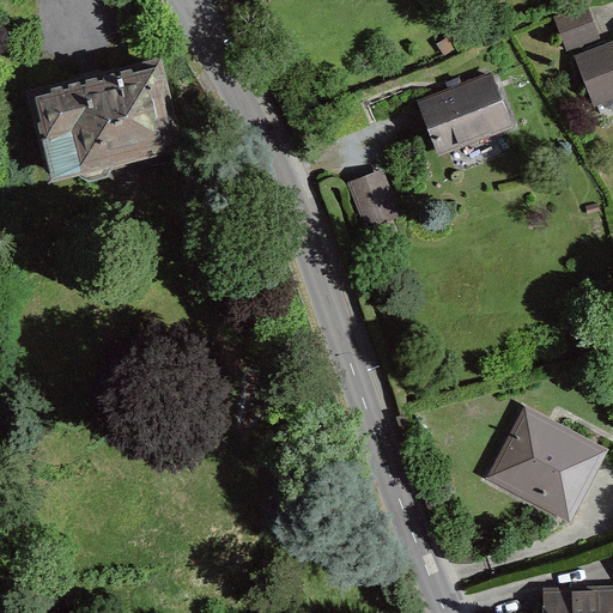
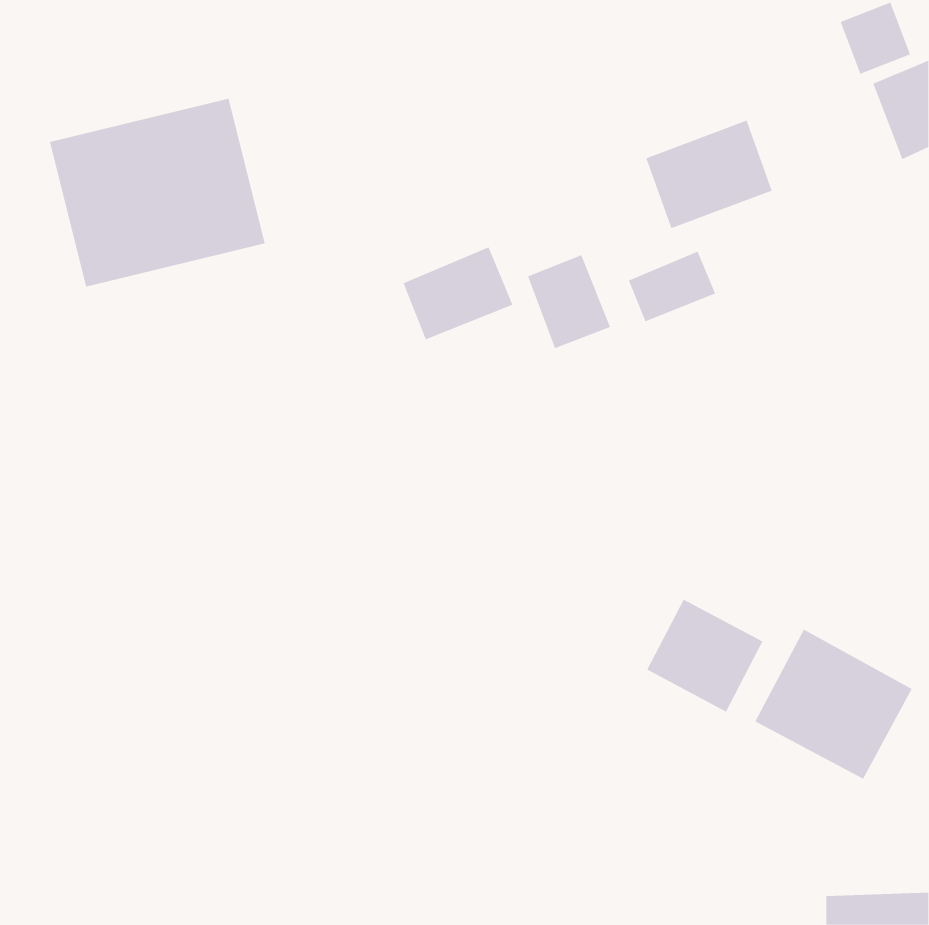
building: none -> [403,247,513,340]
building: none -> [628,251,716,322]
building: none -> [646,599,763,712]

